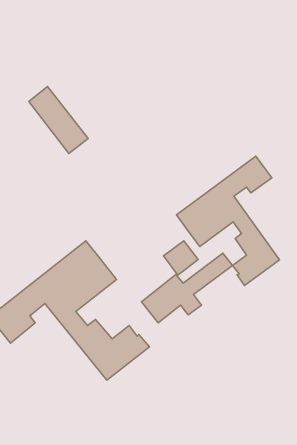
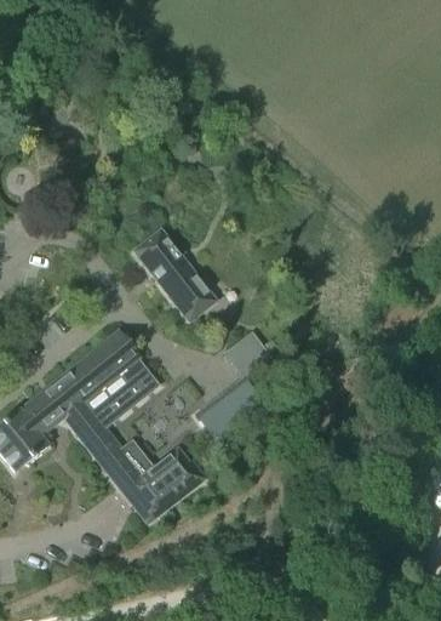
building: [29,86,88,154] -> [133,229,214,321]
building: [176,156,280,286] -> none

